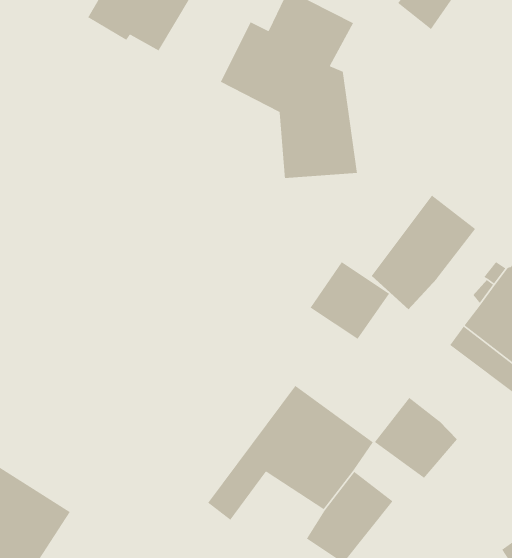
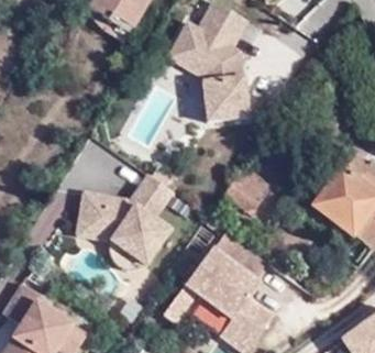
building: [371,194,476,310] -> none
building: none -> [76,170,176,264]
building: [374,397,458,479] -> none

